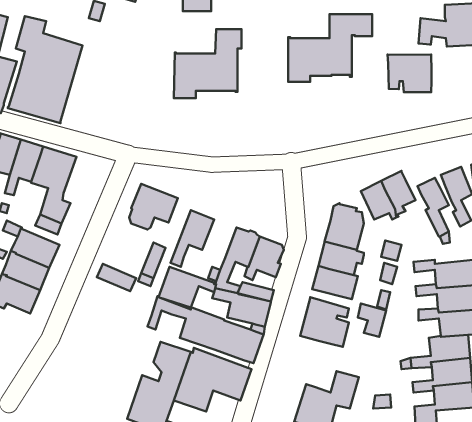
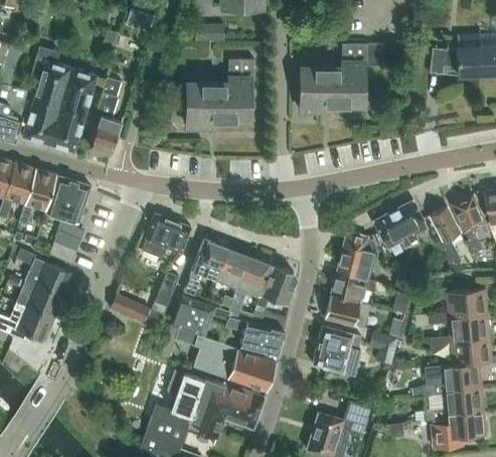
building: none -> [91,78,122,155]
building: [388,54,432,92] -> none
building: none -> [215,248,250,287]

